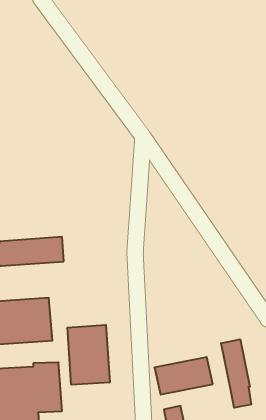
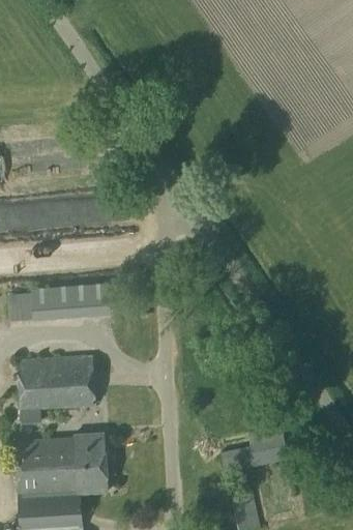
building: [67,325,110,385] -> none
building: [221,339,251,408] -> none

